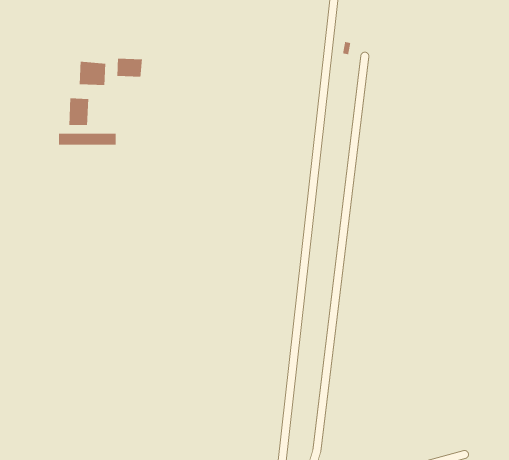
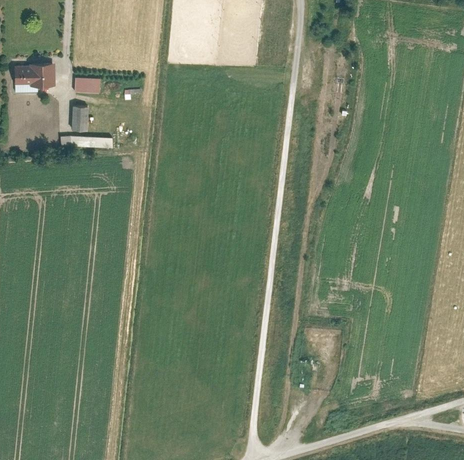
building: none -> [15,64,55,88]
building: [117,58,143,78] -> none

